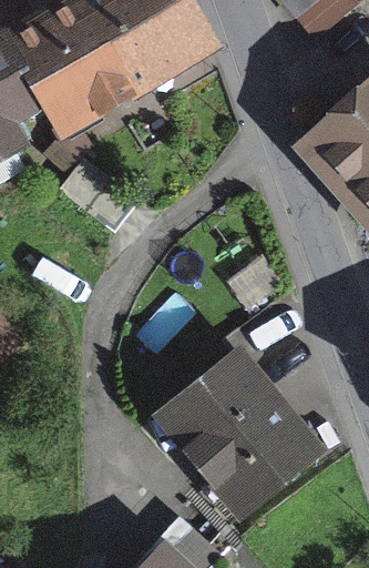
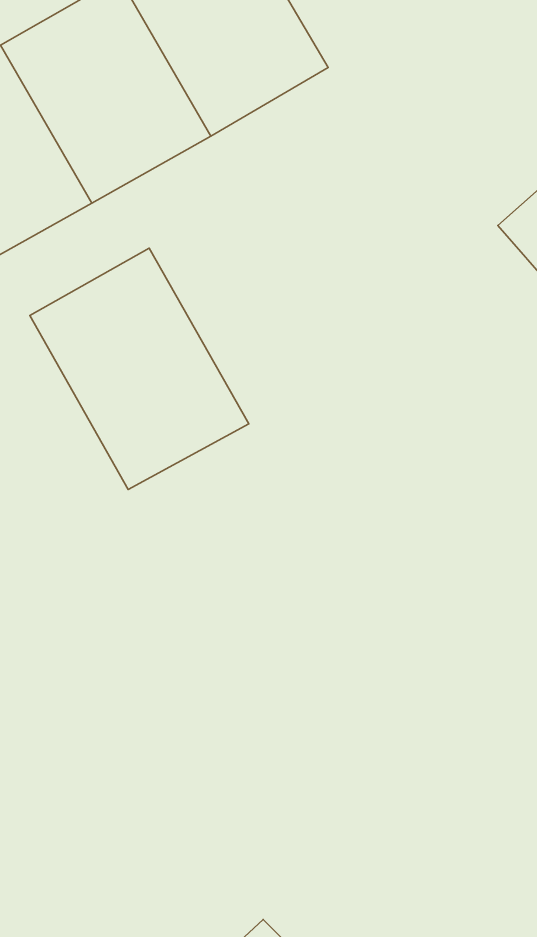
building: none -> [30,248,249,489]
building: [167,353,310,500] -> none

